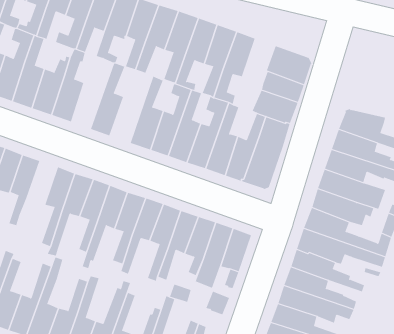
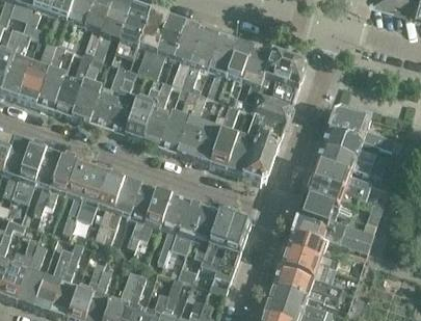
building: none -> [236,48,273,112]
building: none -> [91,65,129,129]
building: none -> [126,78,164,141]
building: none -> [46,157,79,209]

